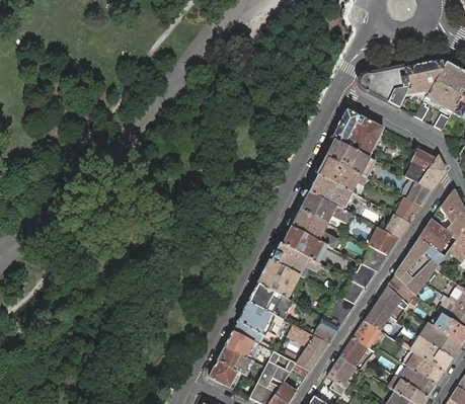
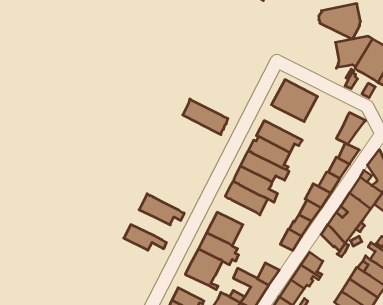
building: [360,67,407,107] -> [319,4,361,39]
building: [322,138,374,178] -> [183,99,228,135]
building: [417,156,445,189] -> none
building: [268,242,320,277] -> [139,194,184,225]
building: [374,286,401,316] -> none
building: [327,296,355,326] -> none
building: [224,331,273,360] -> [124,225,166,250]

